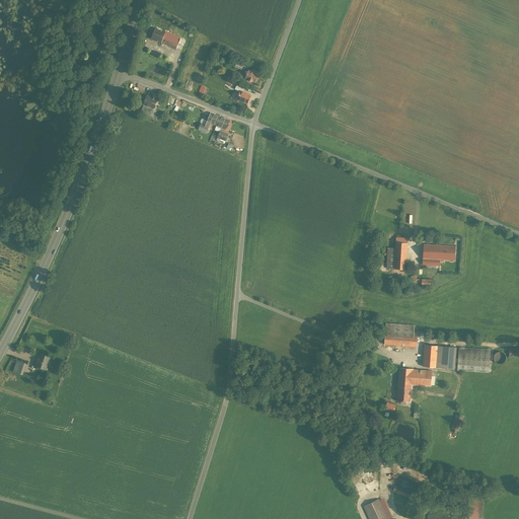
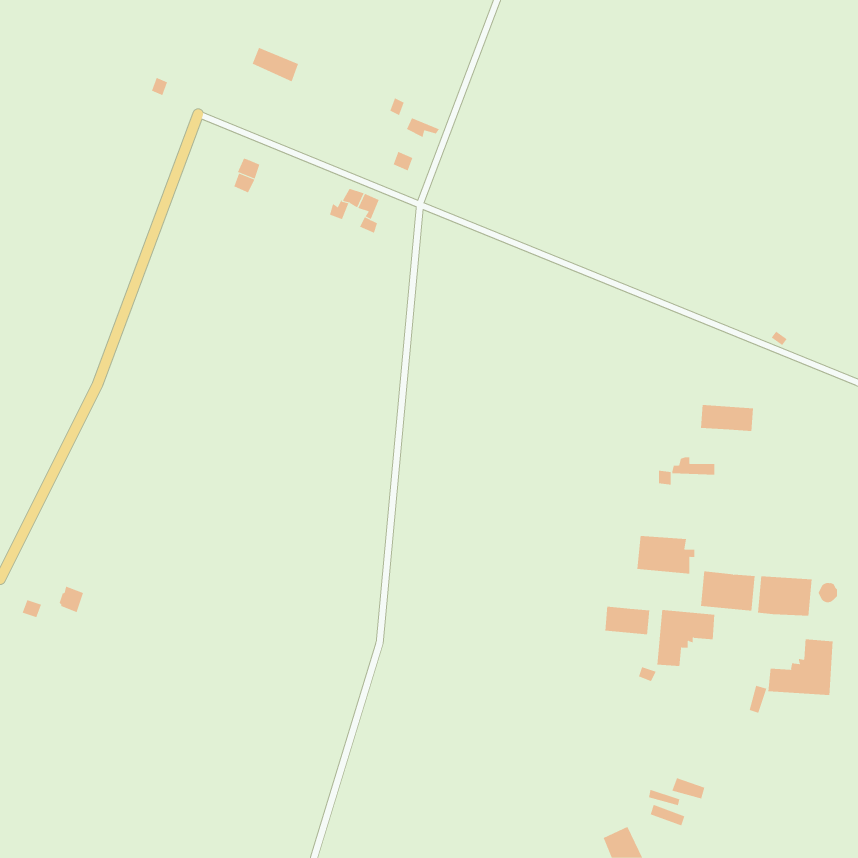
building: [387,238,407,270] -> none
building: none -> [605,606,650,635]
building: none -> [768,639,833,696]

